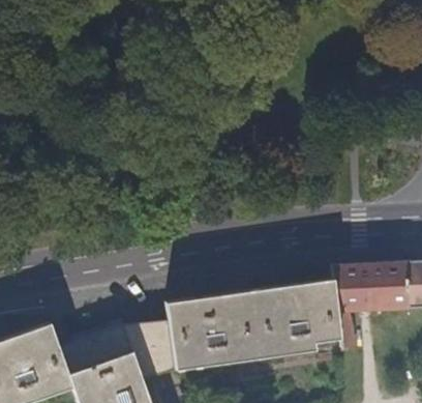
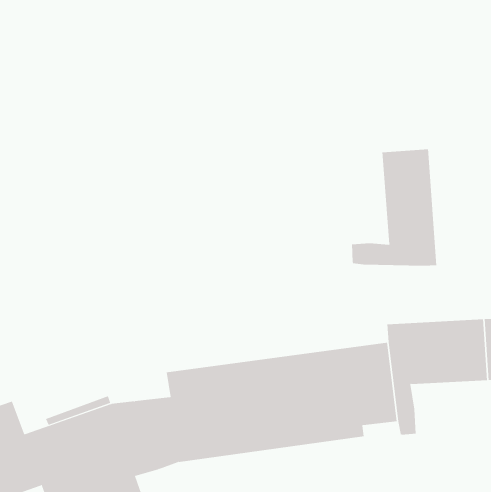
building: none -> [351,149,437,266]

